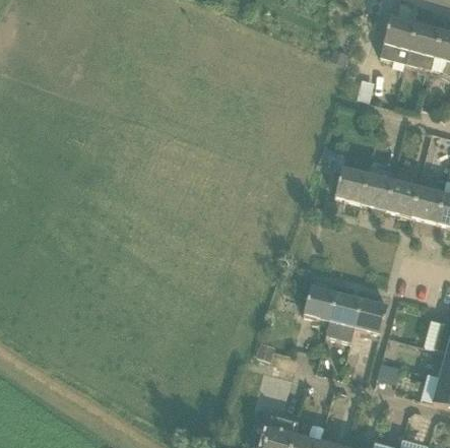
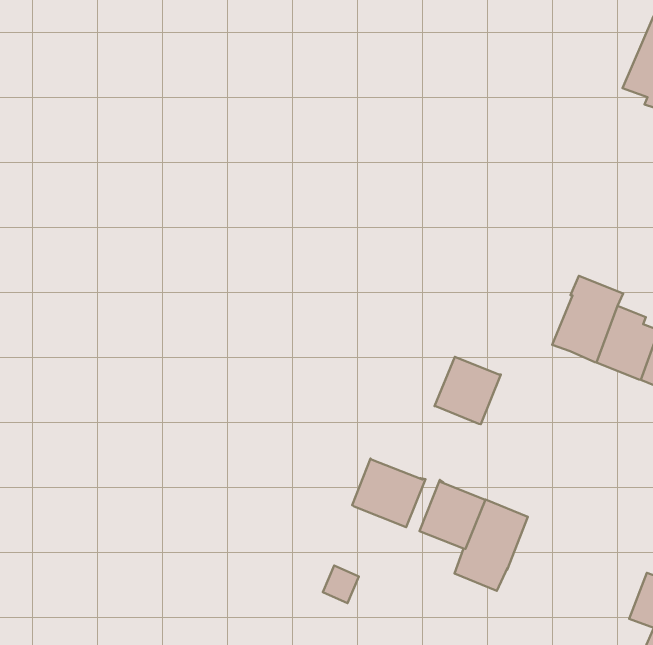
building: [335,168,369,202] -> [435,357,501,424]
building: none -> [352,459,425,527]
building: [355,298,388,334] -> none

